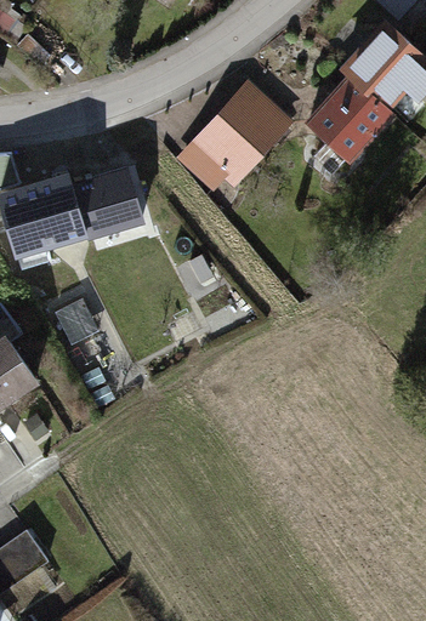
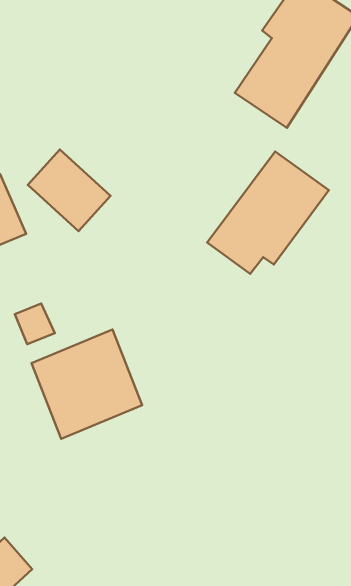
building: [174,80,297,195] -> [207,152,329,274]
building: none -> [32,329,142,439]

